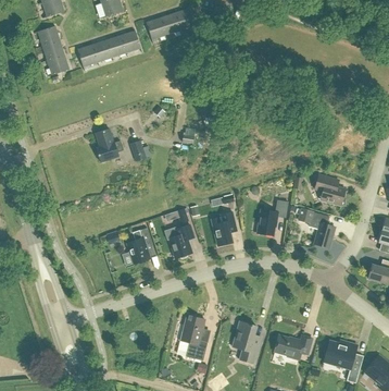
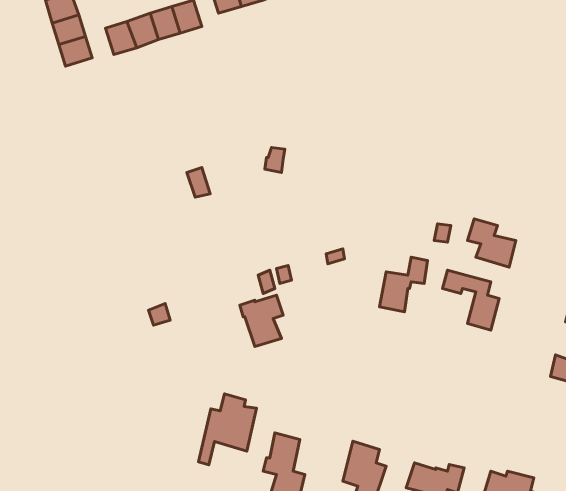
building: [95,129,123,161] -> none
building: [211,211,237,246] -> none
building: [127,228,152,264] -> none
building: none -> [198,394,257,465]

